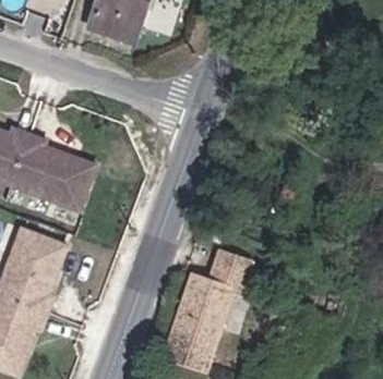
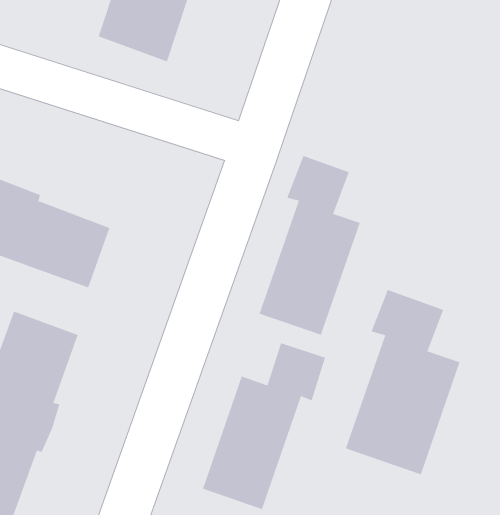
building: none -> [259,155,360,336]
building: none -> [345,289,460,475]

